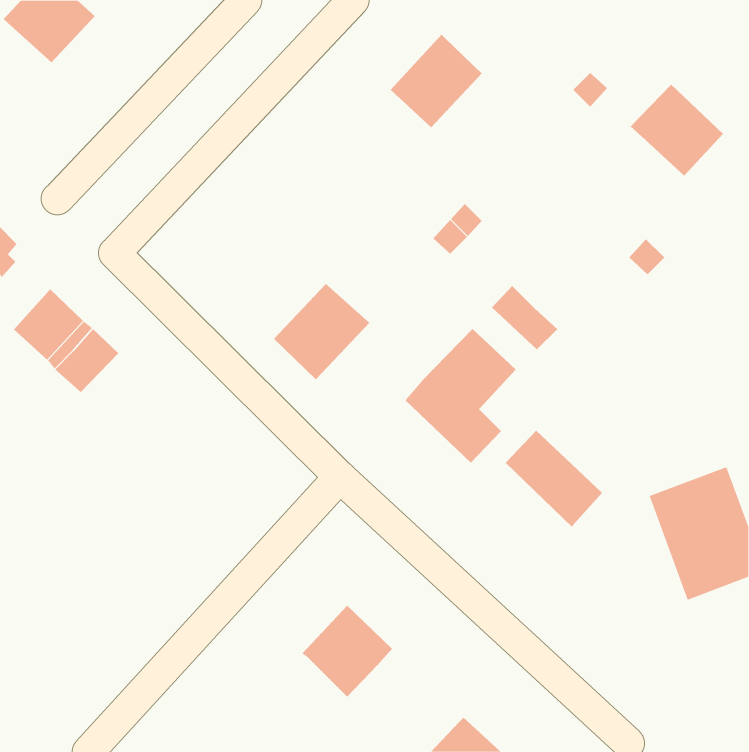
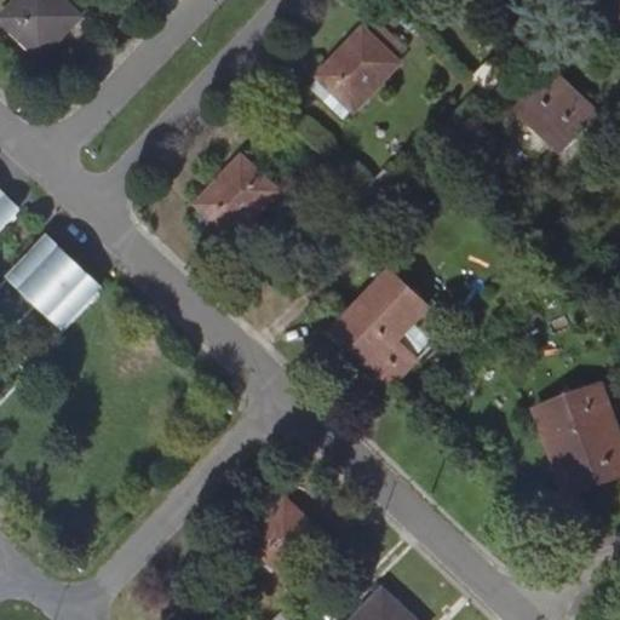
building: [273,283,370,380] -> [197,155,277,235]
building: [491,285,558,350] -> none
building: [505,430,603,527] -> none

